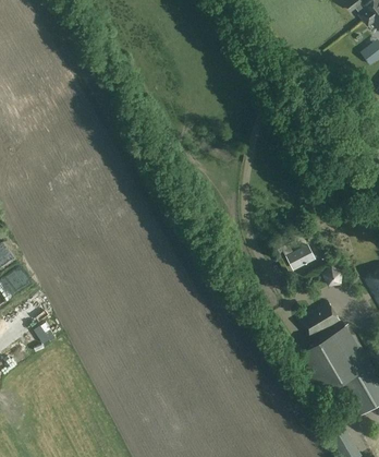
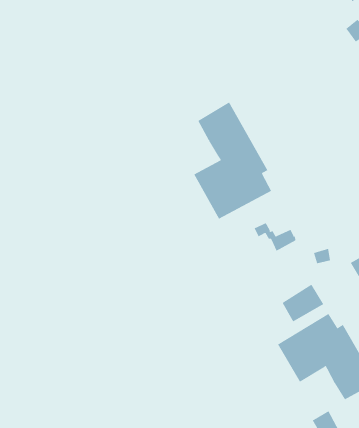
building: none -> [194,101,272,220]

